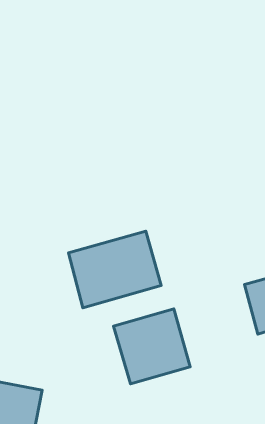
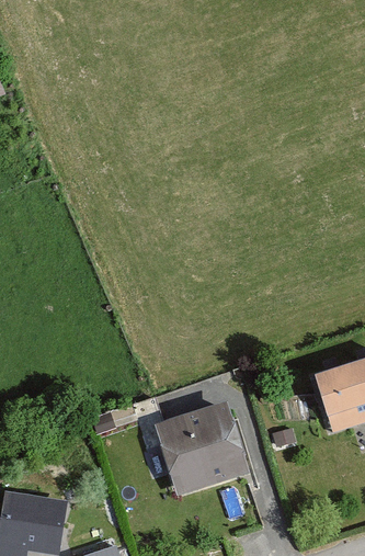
building: [68,231,161,308] -> none

